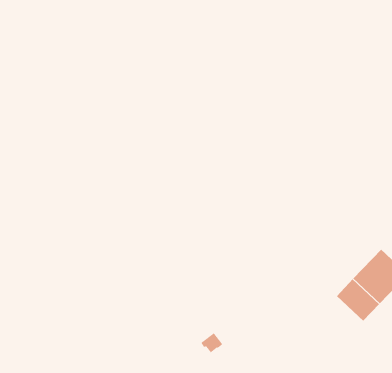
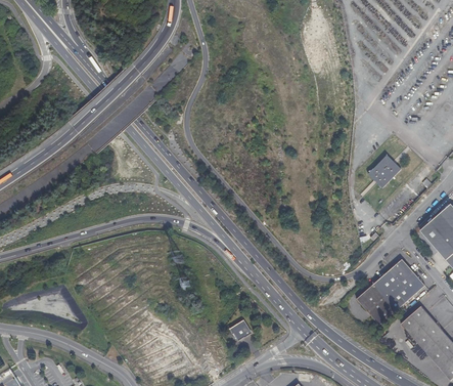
building: none -> [367,155,401,188]

